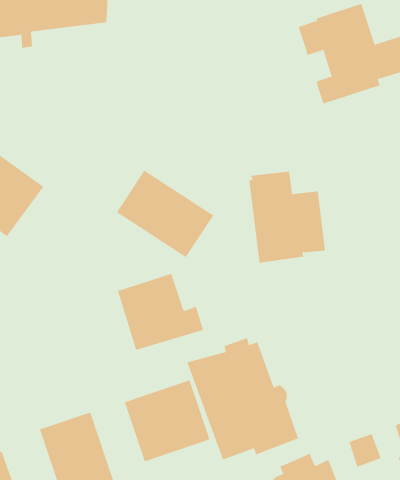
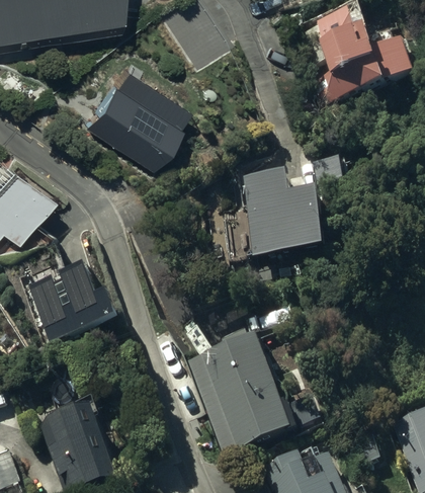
building: [116,170,214,258] -> [77,71,173,157]
building: [117,273,204,351] -> [31,265,116,341]
building: [124,380,210,462] -> none

